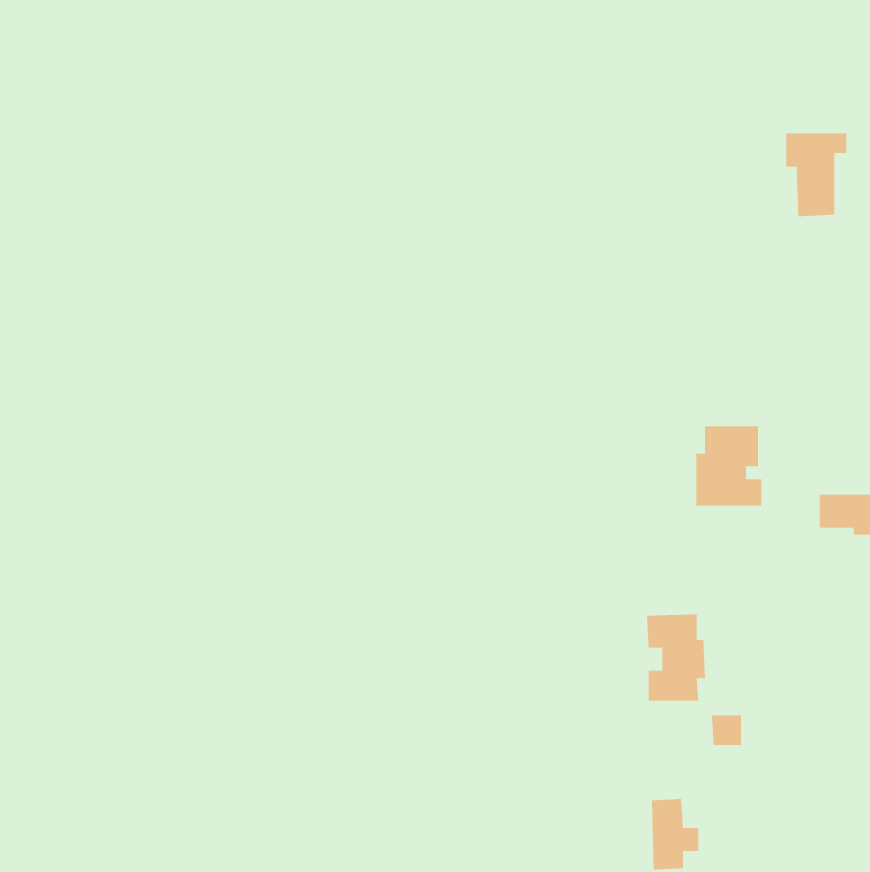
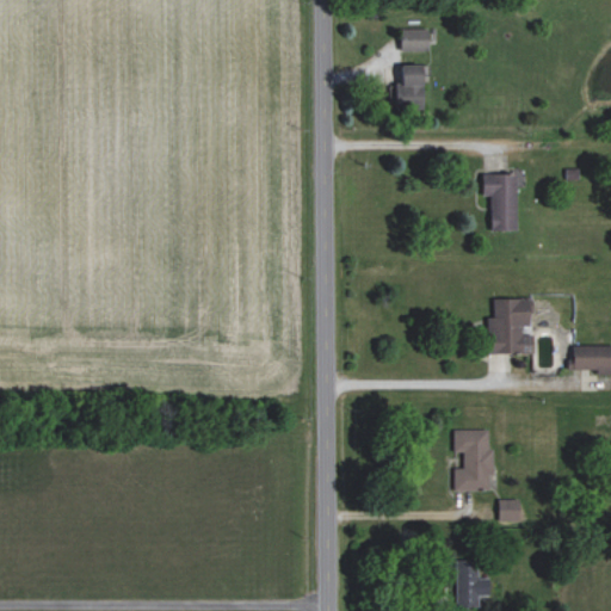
building: none -> [401,29,430,51]
building: none -> [396,66,425,110]
building: [786,133,847,217] -> [483,173,526,232]

